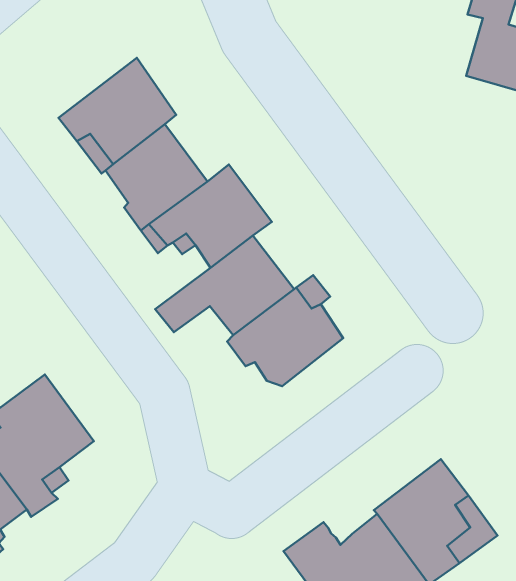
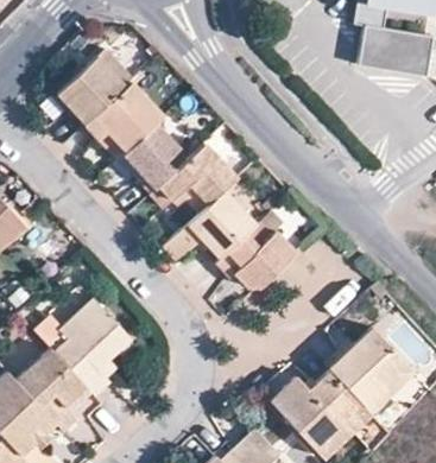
building: none -> [57,49,134,125]

